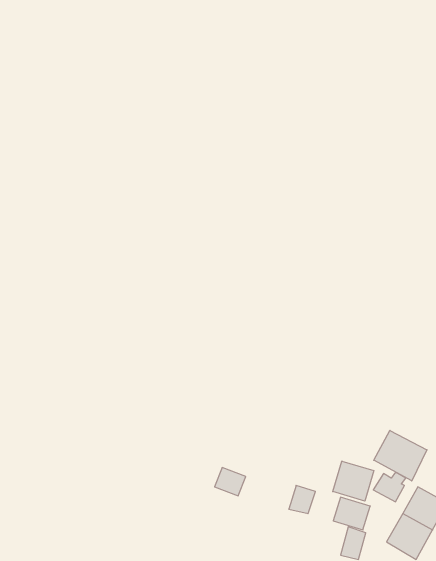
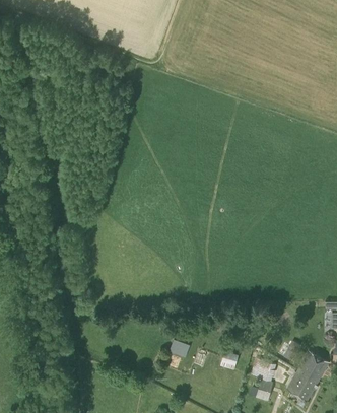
building: [374,430,427,481] -> none
building: [333,461,374,501] -> none

